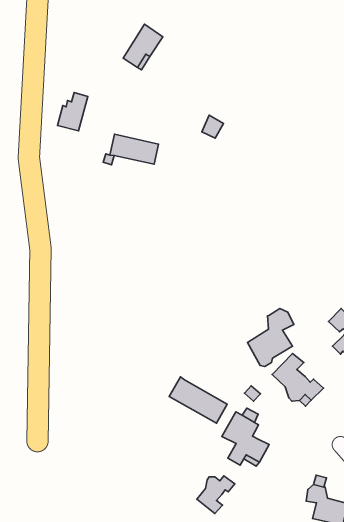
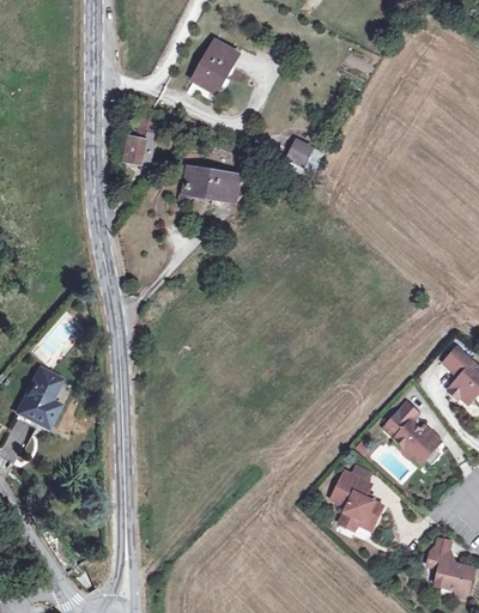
building: [248,309,294,367] -> none
building: [169,377,227,423] -> none
building: [197,476,235,513] -> none

